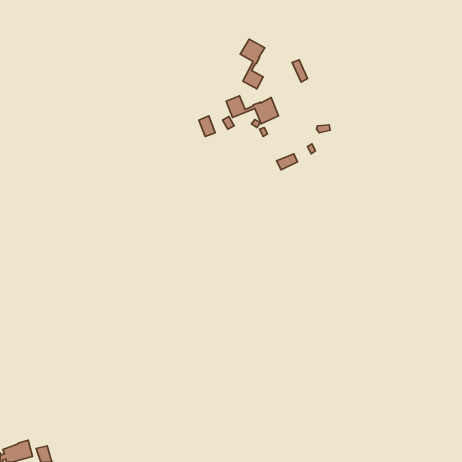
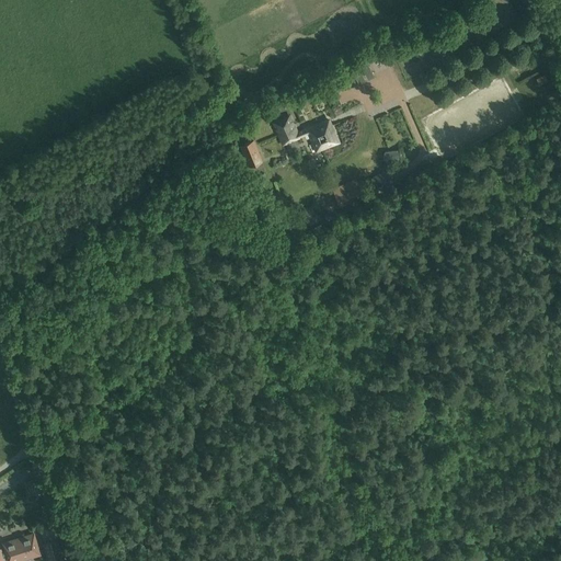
building: [240,39,265,89] -> none

